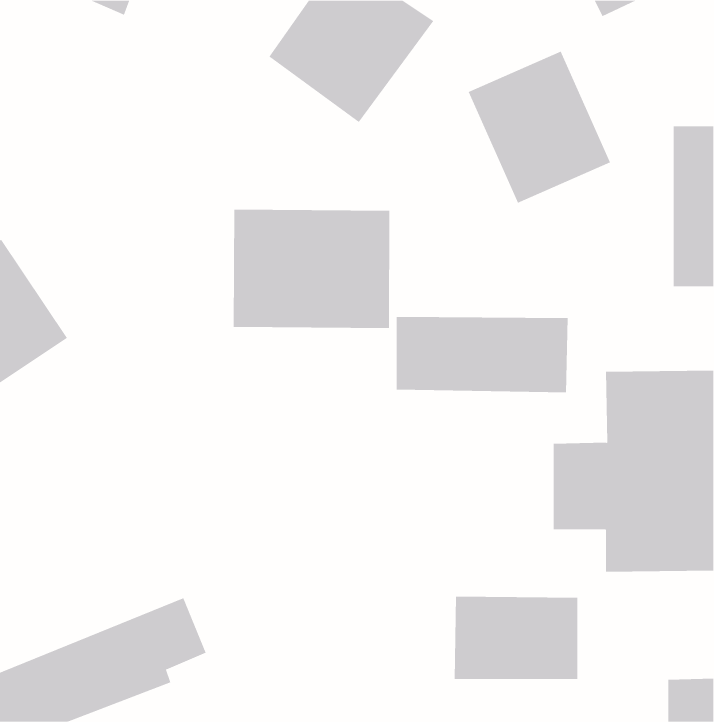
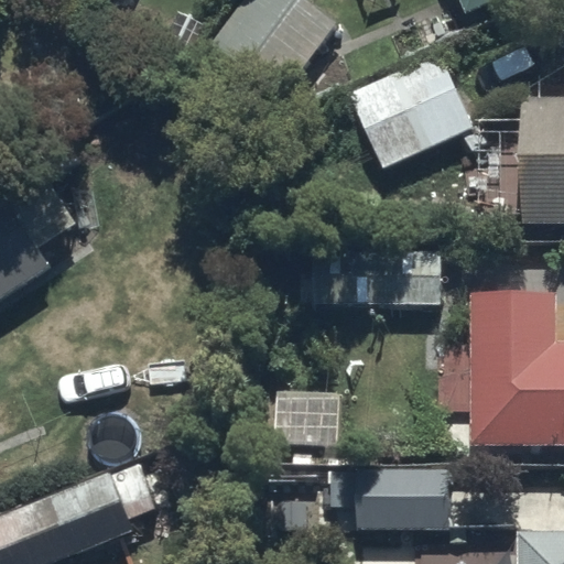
building: [233,209,390,329] -> none

